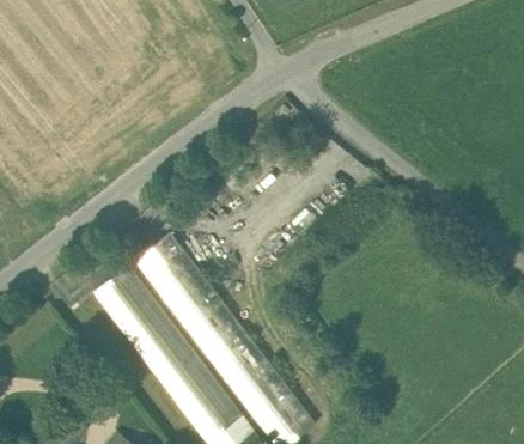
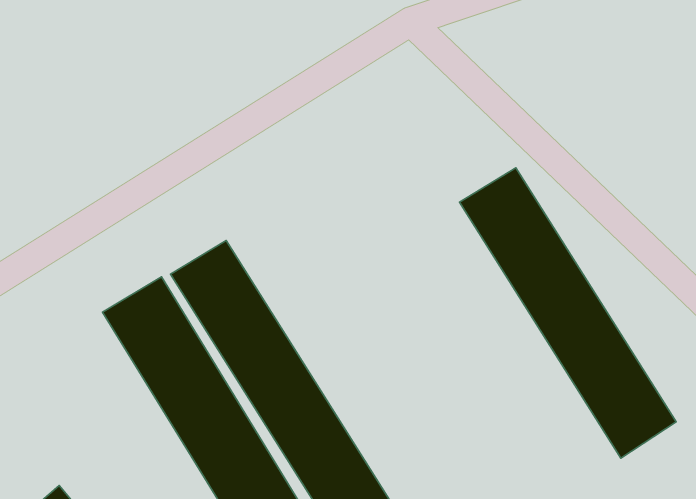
building: none -> [459,168,676,458]

